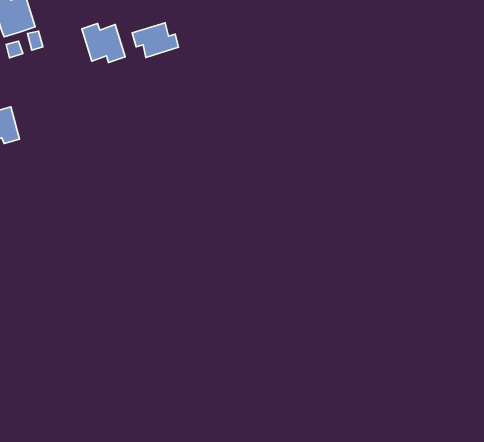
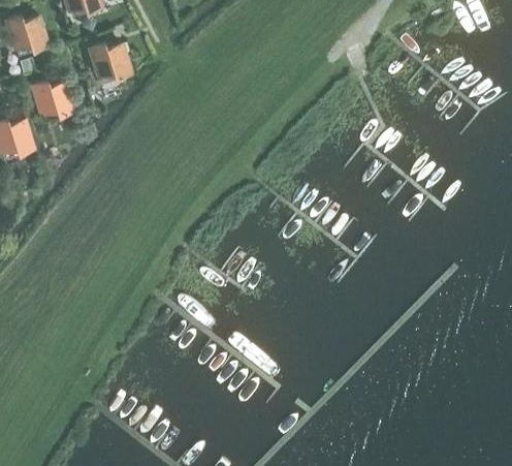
building: [132,23,179,57] -> none
building: none -> [33,81,72,117]

